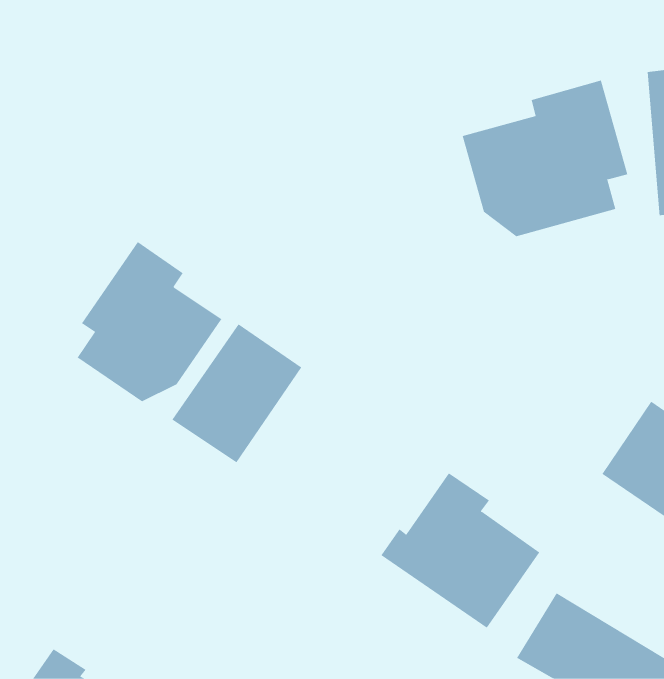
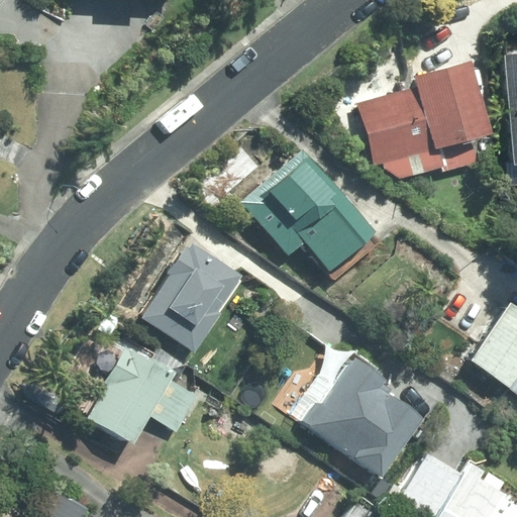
building: none -> [244,148,374,269]
building: [77,241,222,402] -> none
building: none -> [85,346,202,442]

